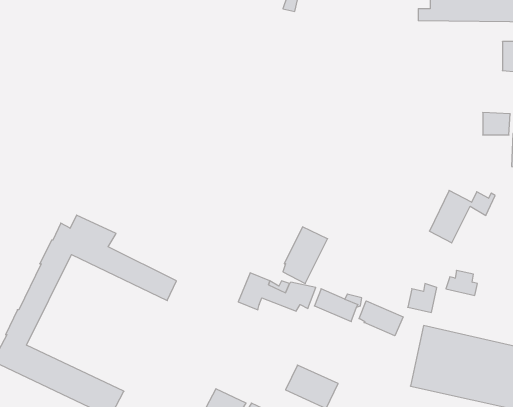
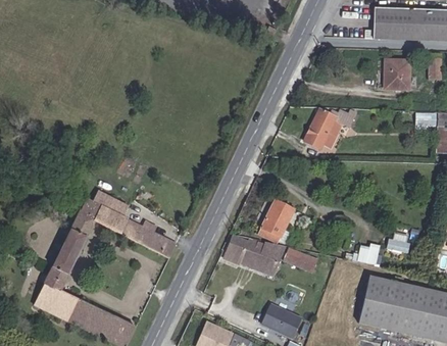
building: none -> [385,59,409,88]
building: [429,190,495,243] -> [304,107,355,148]
building: none -> [240,253,279,276]
building: [359,301,403,336] -> none

